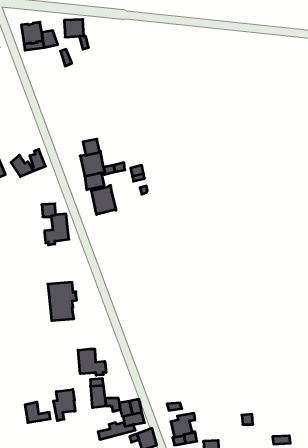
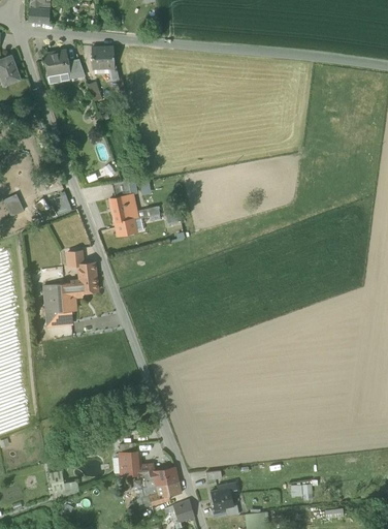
building: [91,185,116,215] -> none
building: [48,282,77,321] -> [43,283,75,325]
building: [78,349,106,375] -> none
building: [53,389,75,421] -> none

